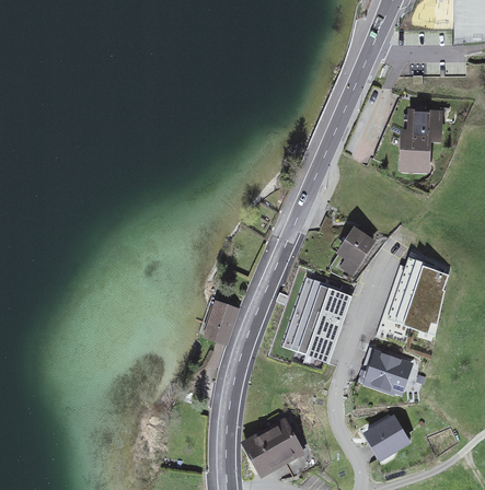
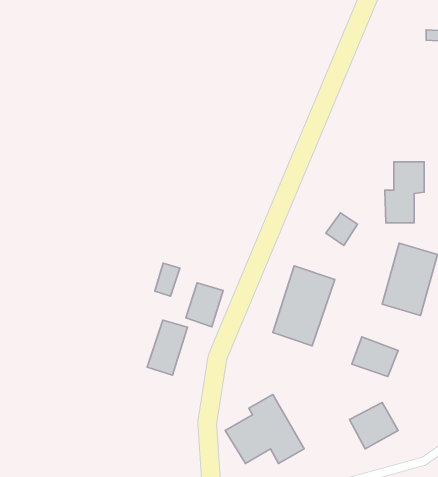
building: [400,110,438,170] -> [385,162,424,223]
building: none -> [155,263,180,296]
building: none -> [147,320,187,375]

